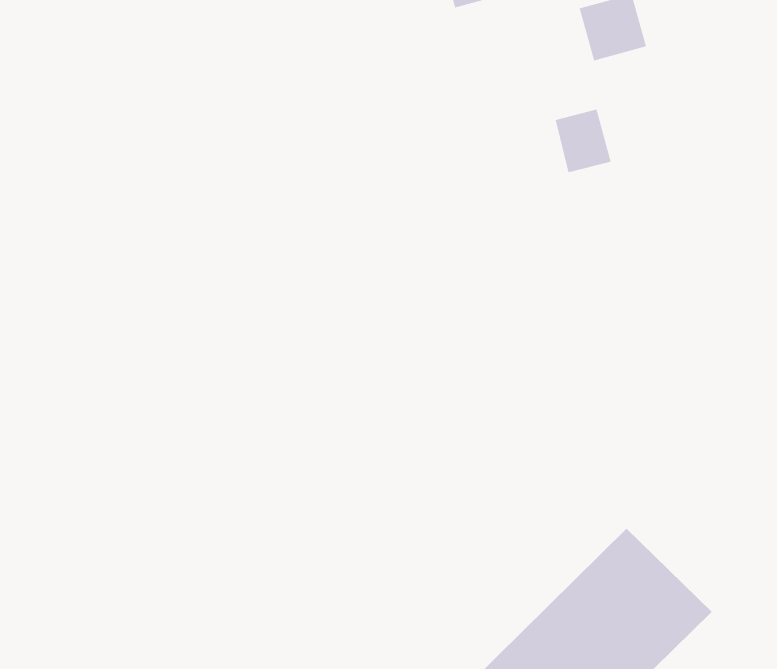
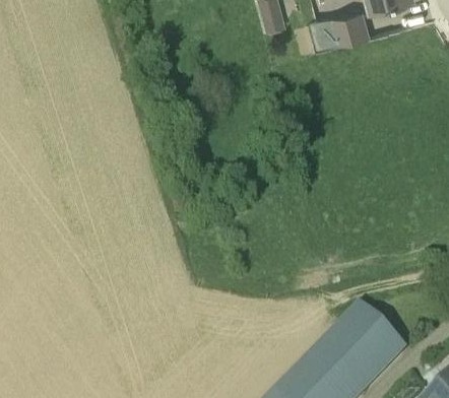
building: [555,109,612,173] -> [307,18,338,54]

